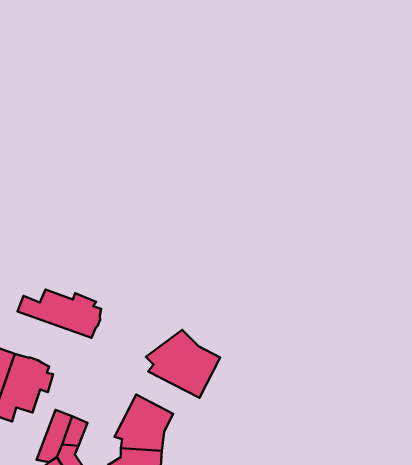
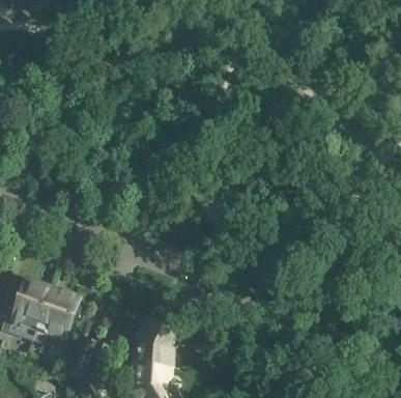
building: [18,289,101,338] -> none
building: [146,330,220,398] -> none

